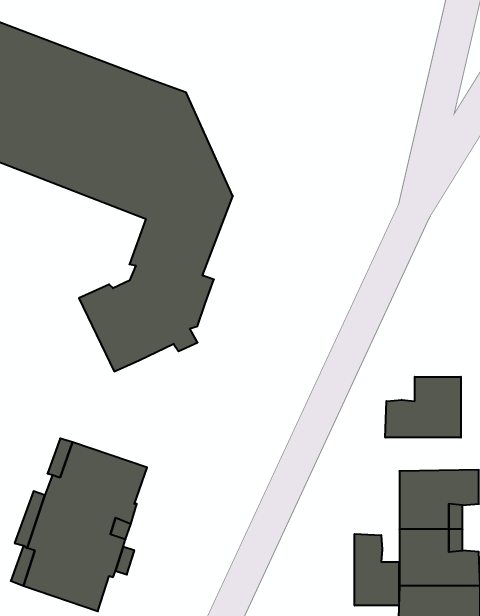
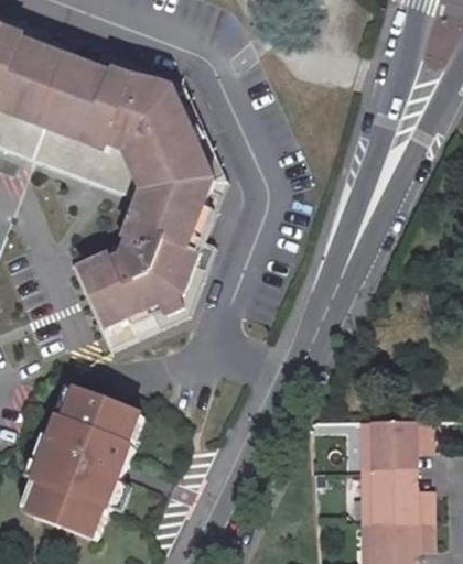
building: [385,377,461,438] -> none
building: [355,534,399,606] -> none

